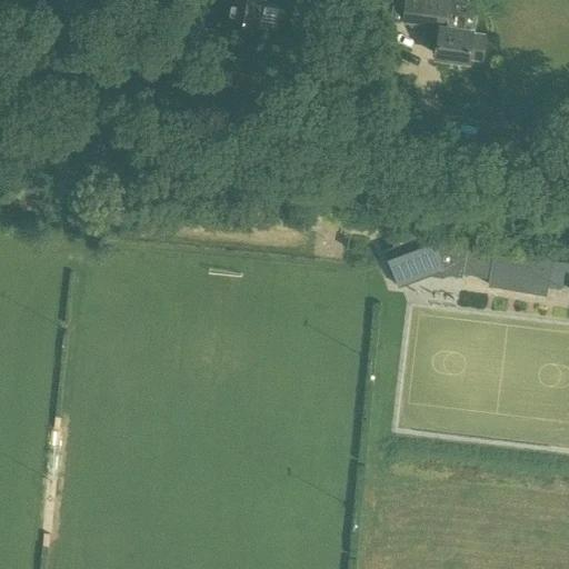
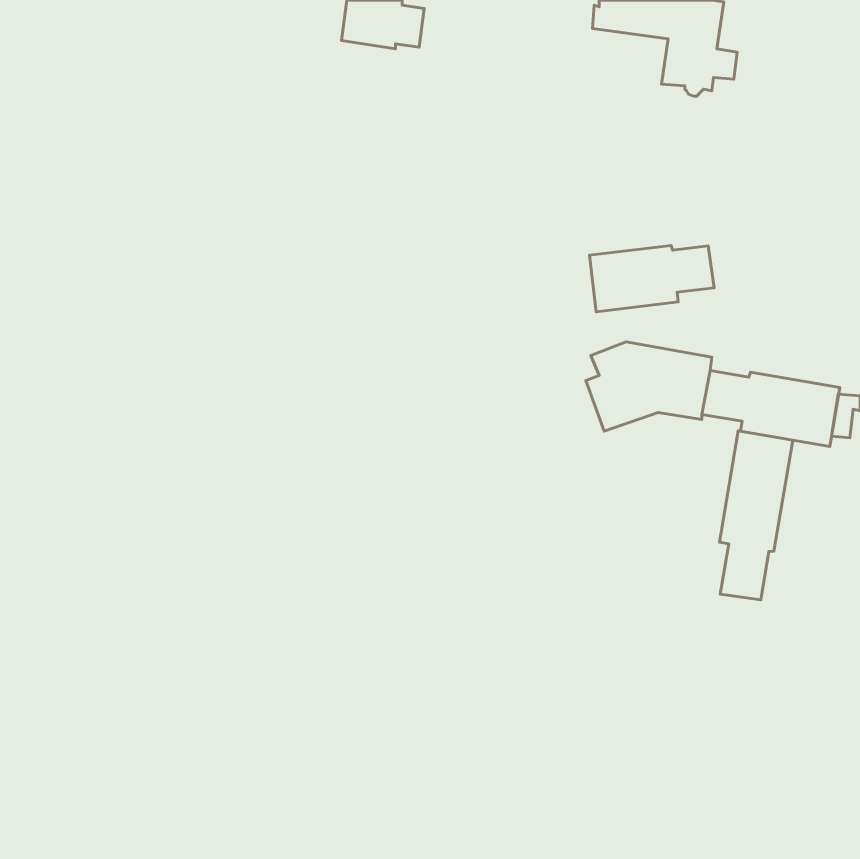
building: none -> [589,245,714,312]
building: none -> [719,431,793,600]

